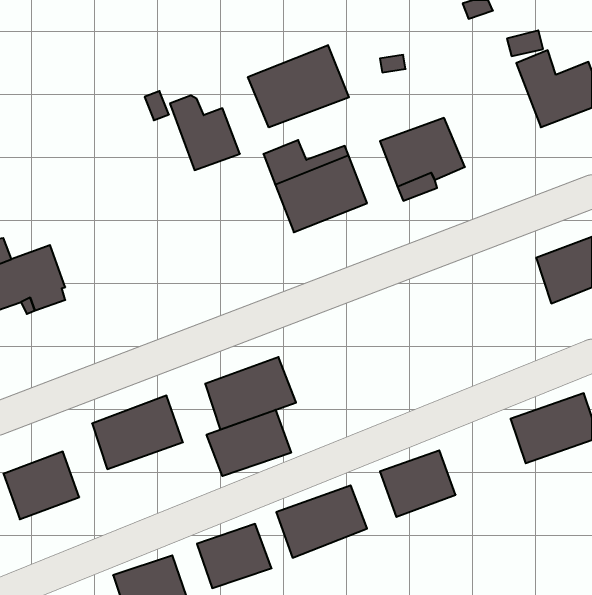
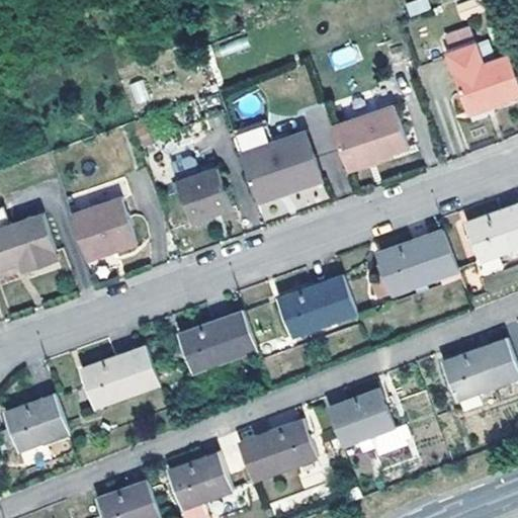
building: [248,45,349,127] -> none
building: [170,95,240,170] -> [171,156,232,221]
building: none -> [69,194,137,261]
building: none -> [377,233,455,294]
building: none -> [276,275,356,338]
building: [207,410,291,476] -> none

